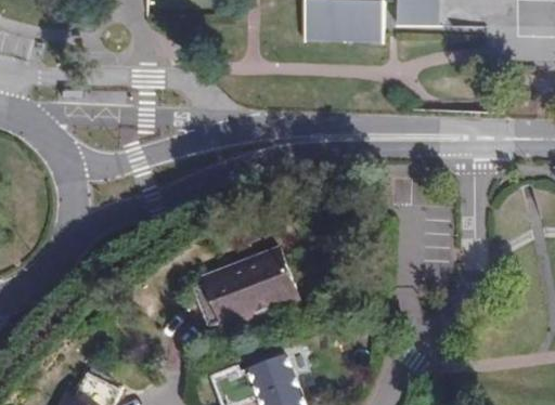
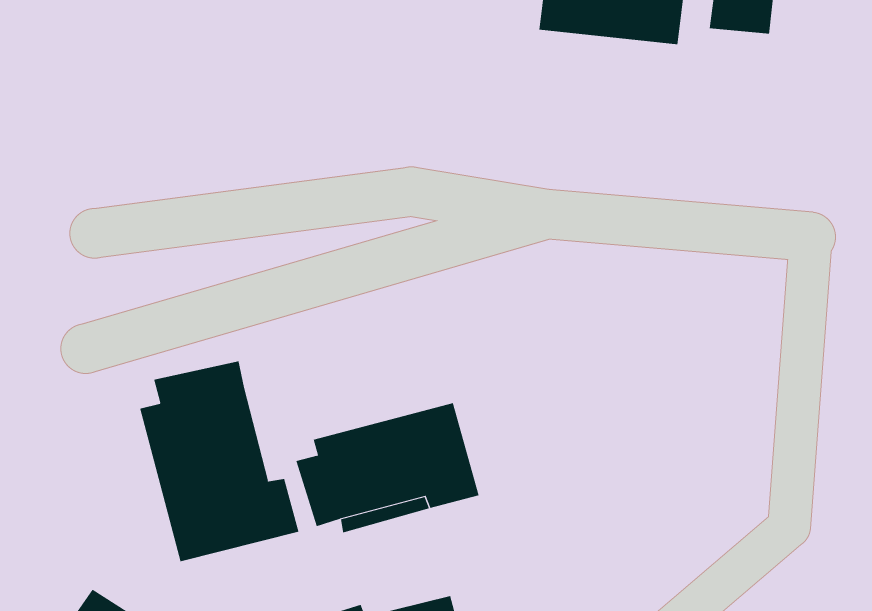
building: none -> [140,361,299,562]

